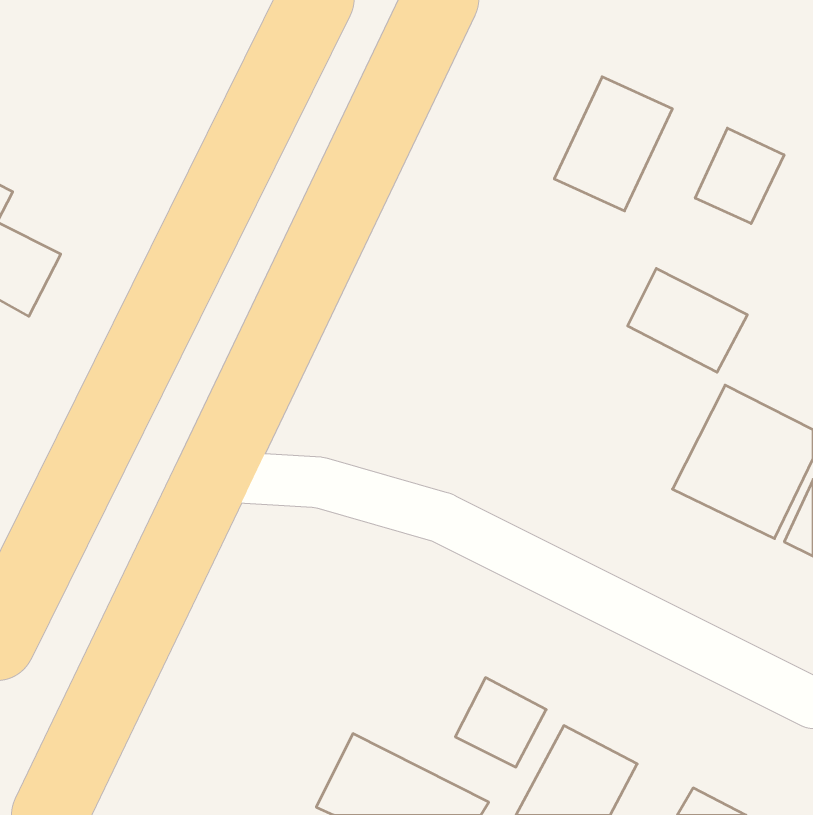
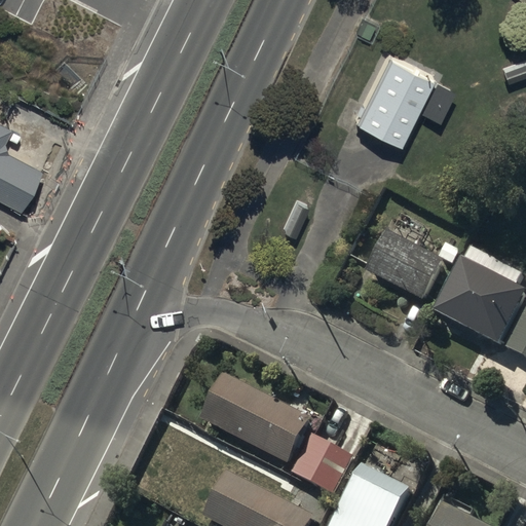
building: [695,128,784,224] -> none
building: [628,268,747,372] -> [367,232,444,299]
building: none -> [202,376,312,464]

